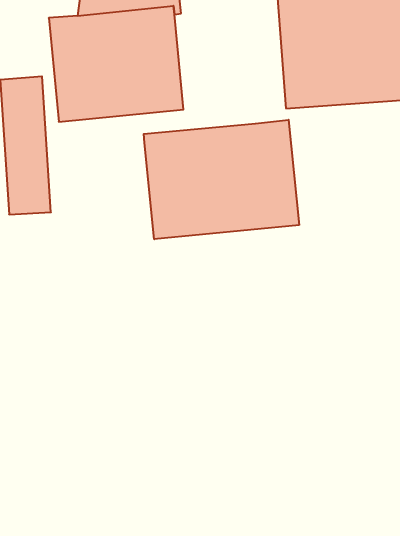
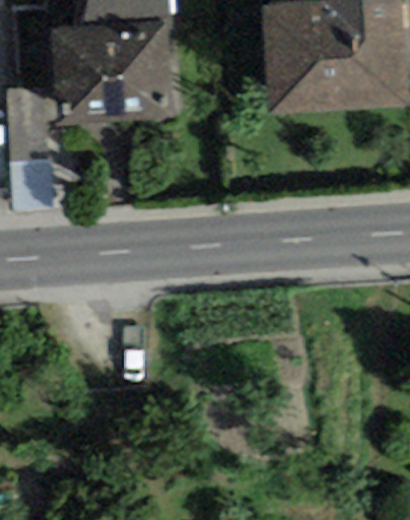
building: [144,120,299,239] -> none

